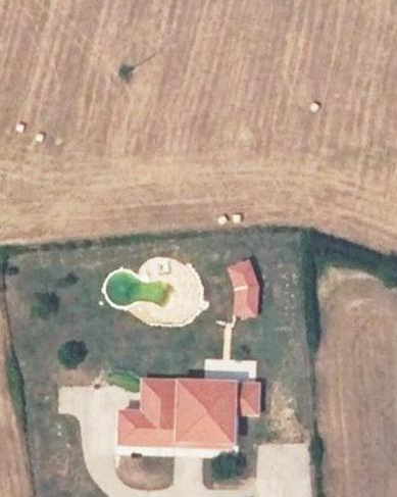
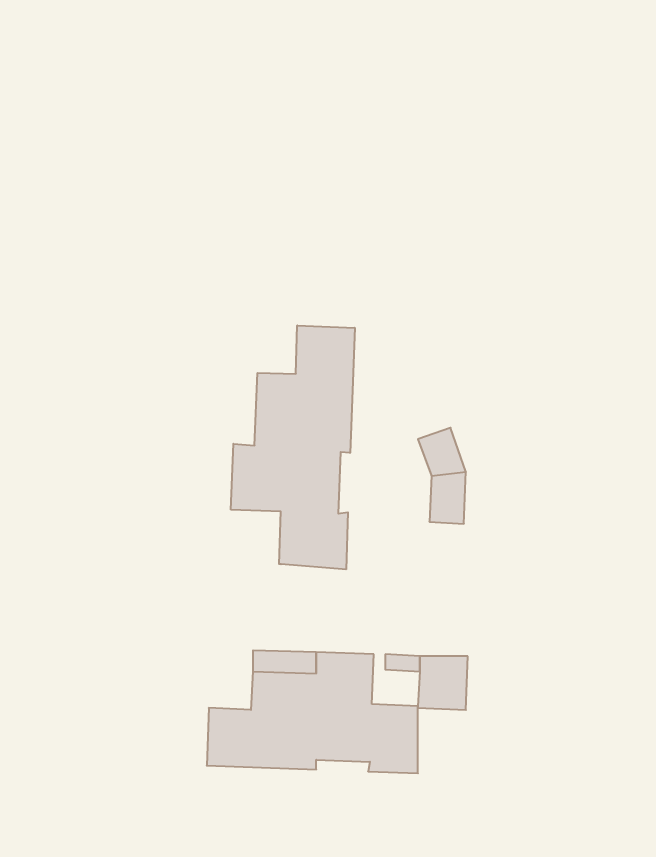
building: none -> [231,325,355,569]

